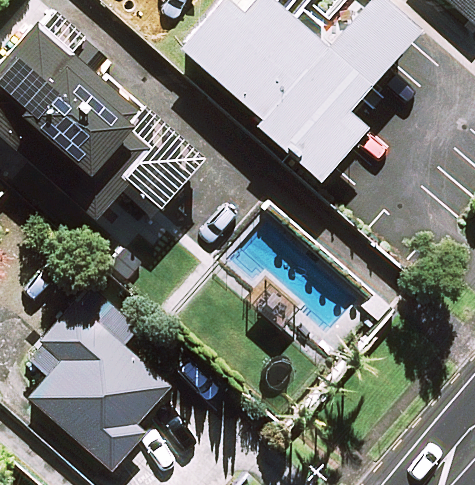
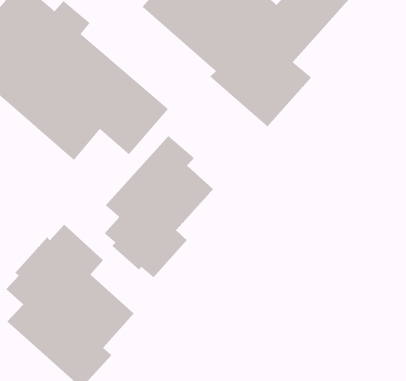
building: none -> [104,135,214,278]

